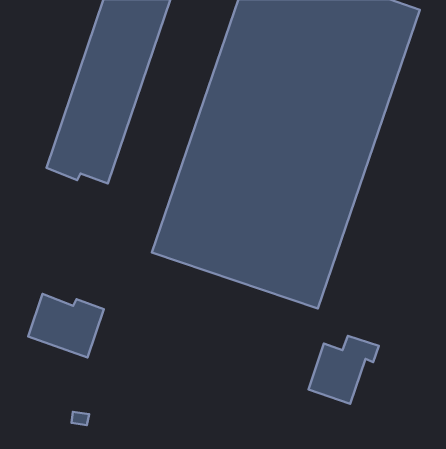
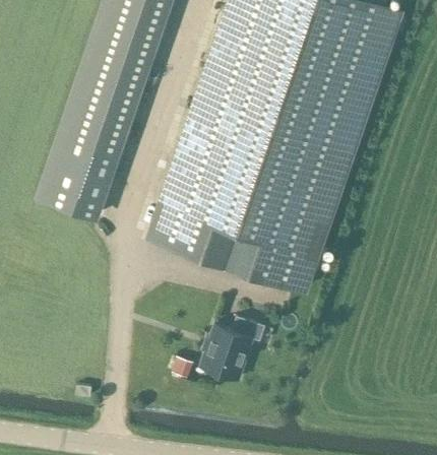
building: [28,294,104,357] -> [42,158,112,217]
building: [308,336,379,404] -> [202,316,267,379]

